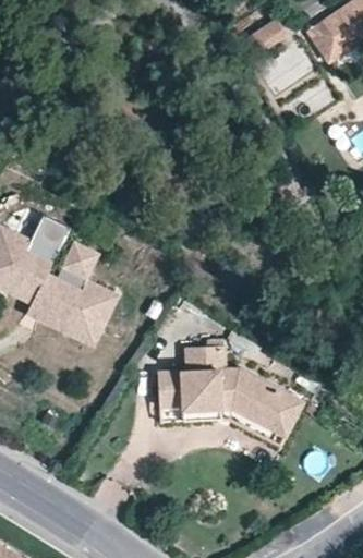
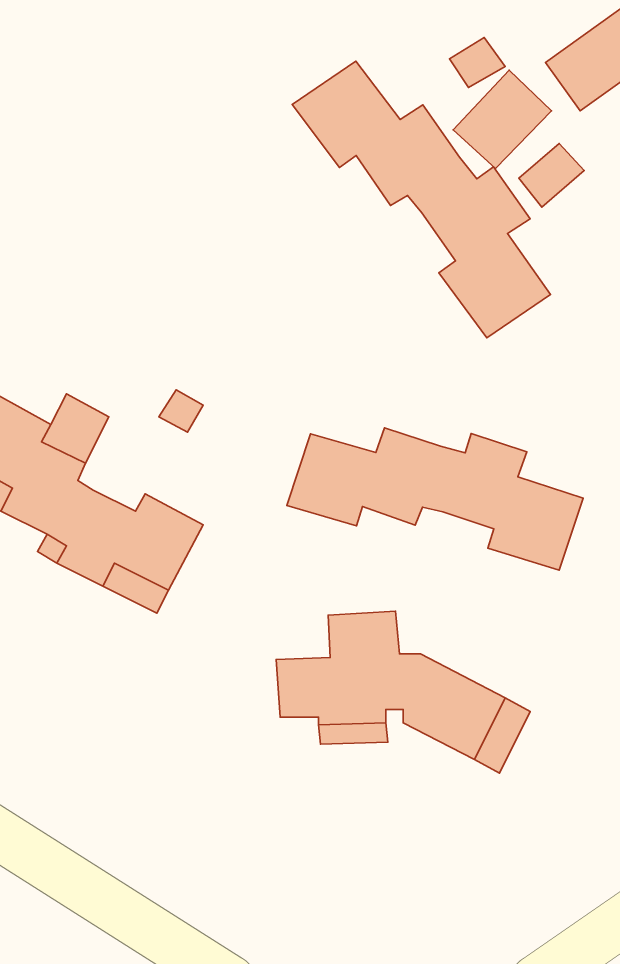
building: none -> [292,61,550,338]
building: [55,242,98,290] -> none
building: none -> [287,428,583,570]

